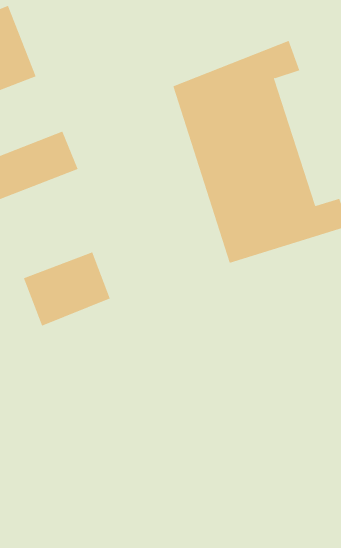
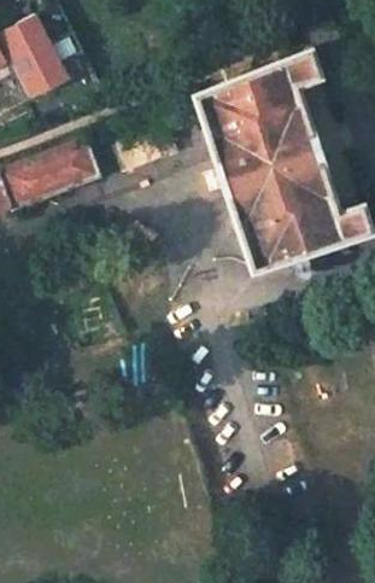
building: [23,251,111,326] -> none

